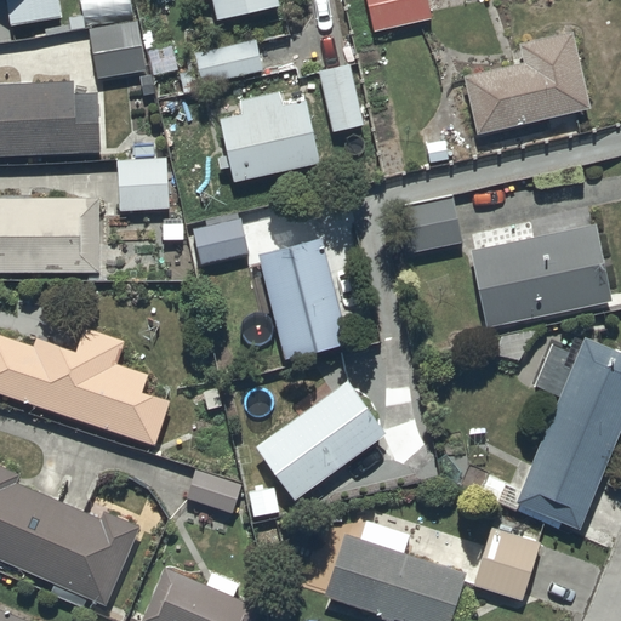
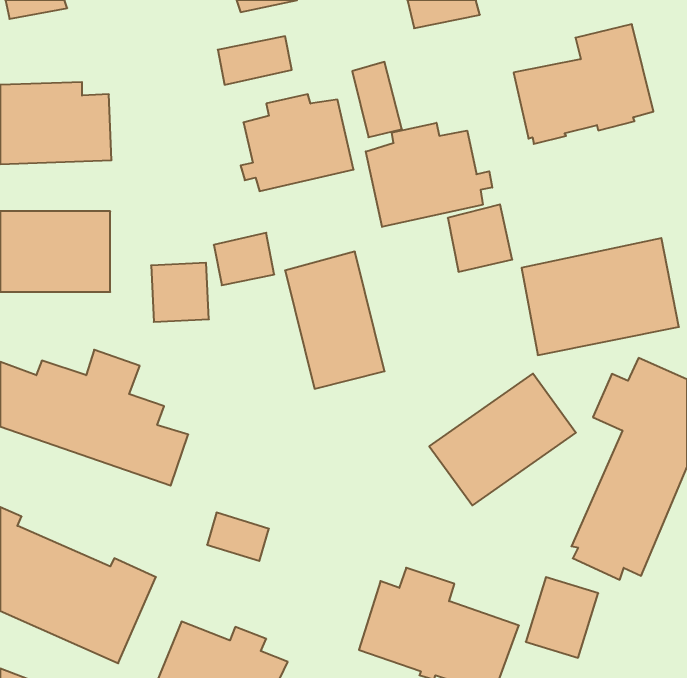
building: [89,22,147,82] -> none
building: none -> [366,123,492,227]
building: [116,159,169,212] -> [151,263,209,322]
building: [255,380,387,498] -> [429,374,576,505]

